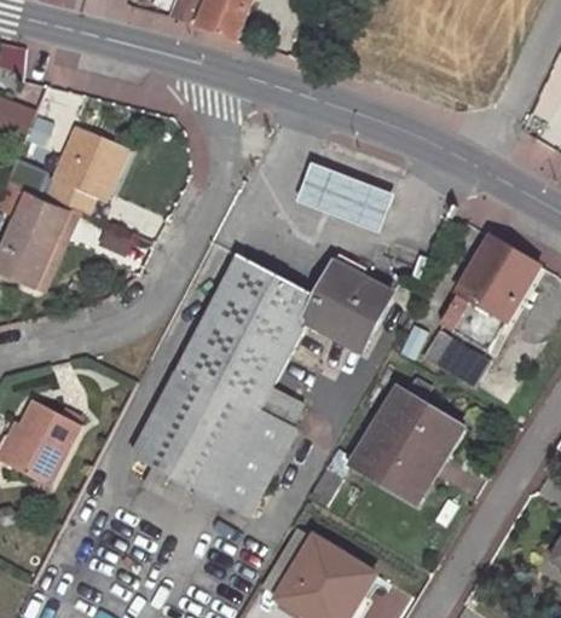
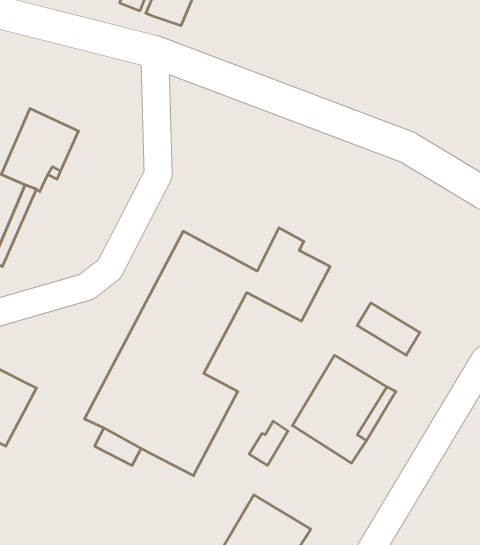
building: [291,160,388,229] -> none
building: [439,236,538,351] -> none

